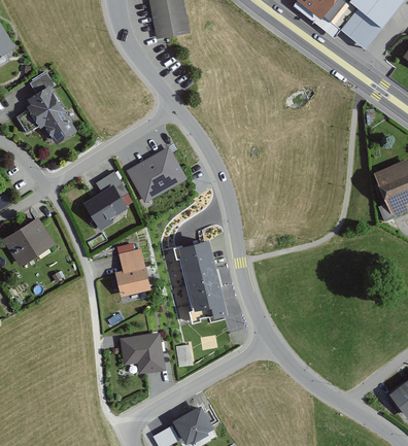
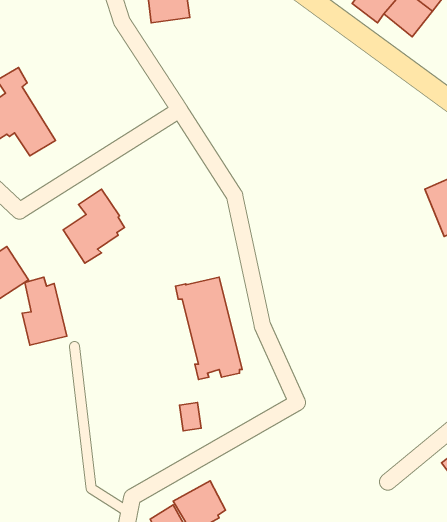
building: [126,146,188,204] -> none
building: [115,243,151,298] -> [22,277,67,345]
building: [121,333,165,374] -> none

